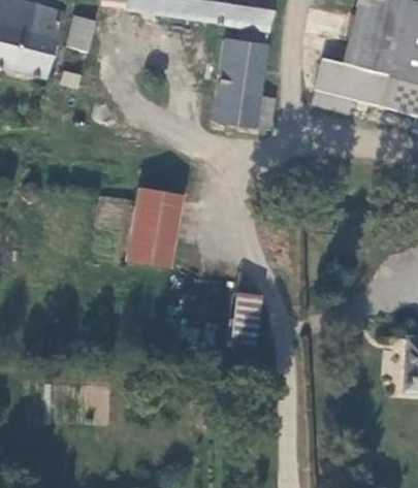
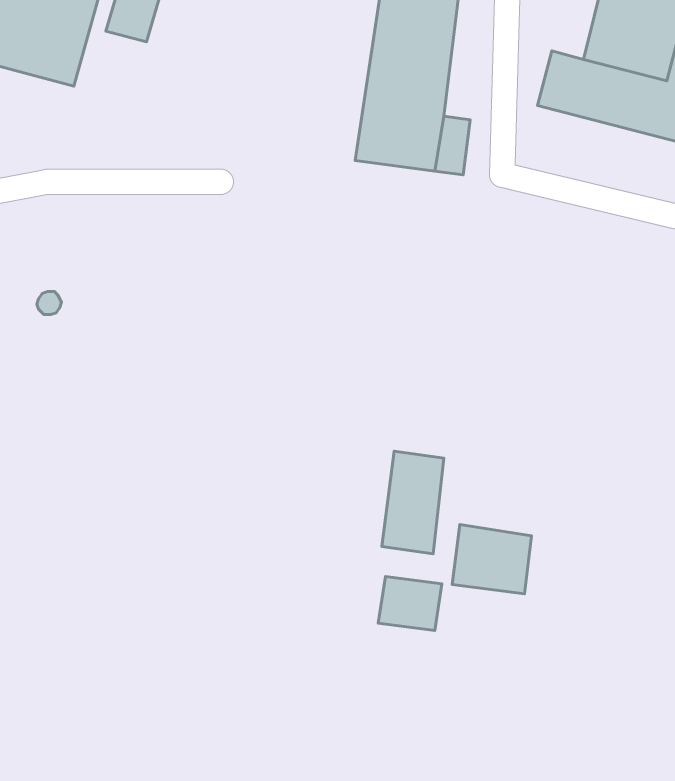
building: [125,186,185,268] -> none
building: none -> [452,525,531,594]
building: none -> [378,577,442,631]

